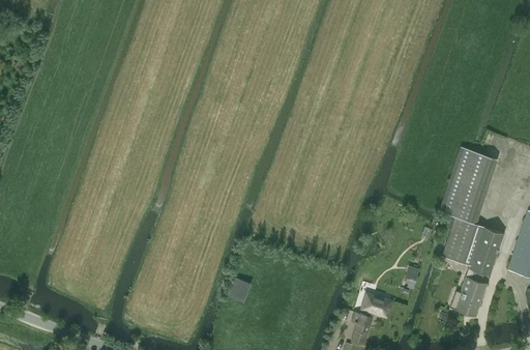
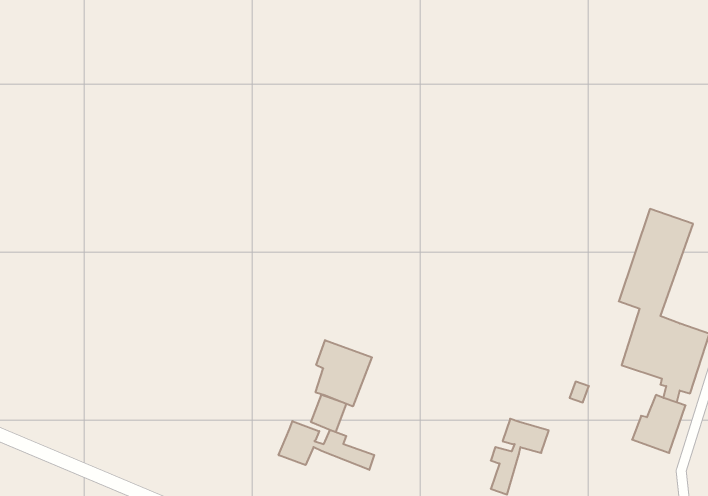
building: none -> [316,340,372,406]
building: none -> [279,421,374,470]

